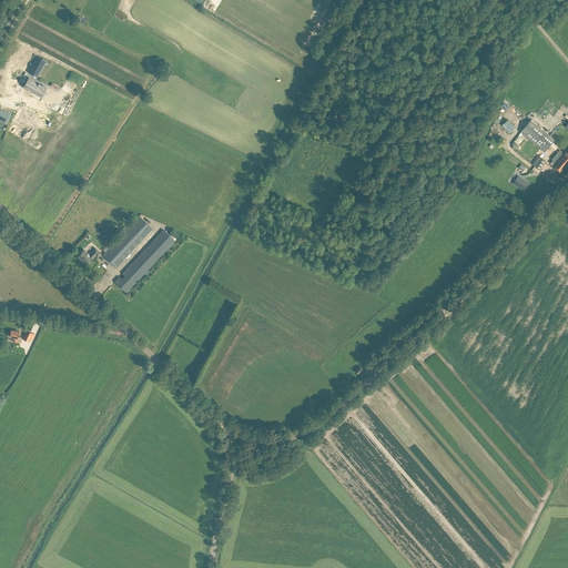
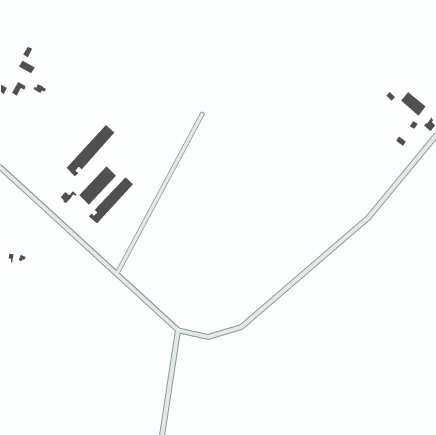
building: none -> [66,124,115,177]

